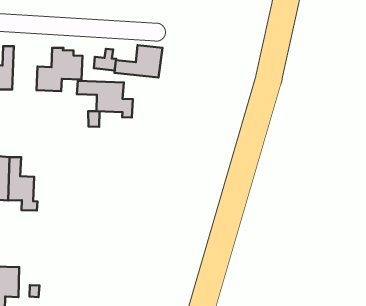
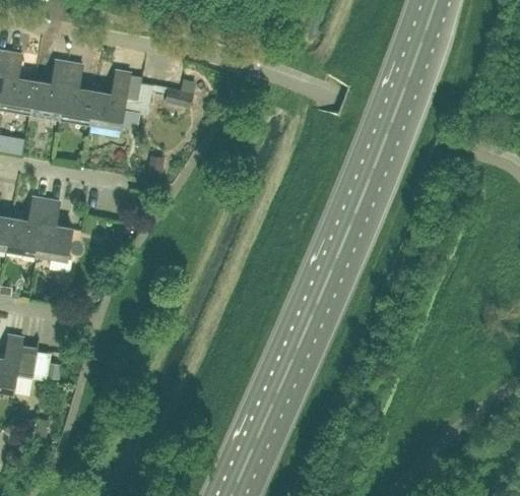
building: [114,45,162,77] -> none
building: none -> [59,61,94,120]
building: [77,81,133,117] -> none

